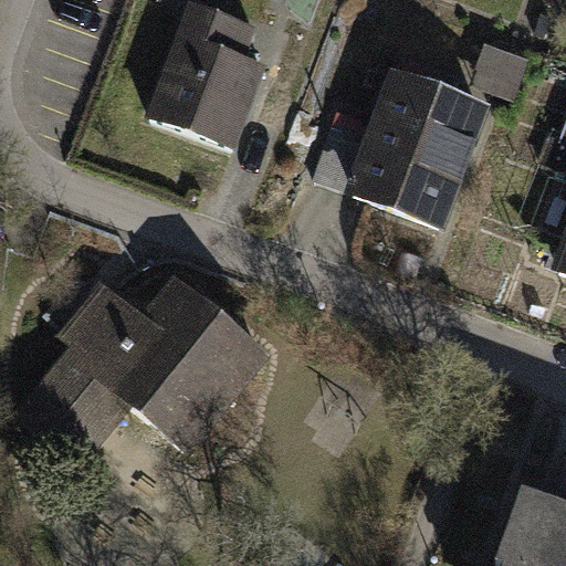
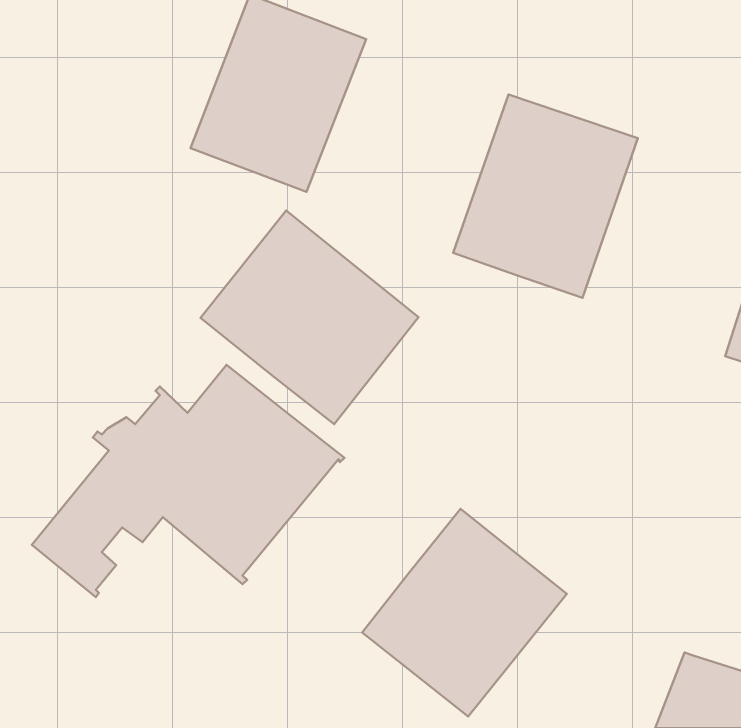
building: none -> [200,211,419,424]
building: none -> [362,509,567,716]

